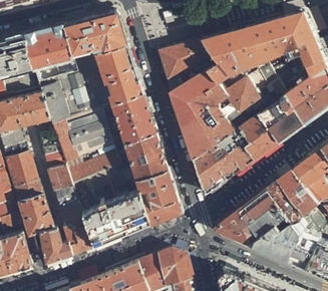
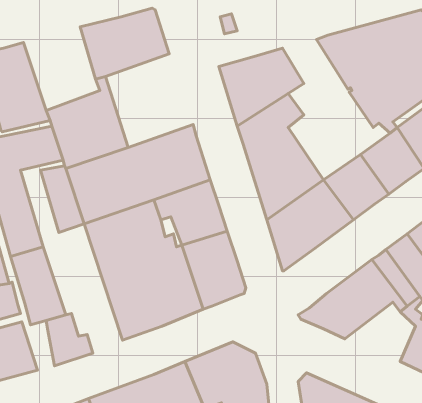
building: [22,24,76,83] -> none
building: [206,33,262,113] -> none
building: [80,43,142,109] -> none
building: [47,164,92,255] -> none
building: [250,219,300,261] -> none

